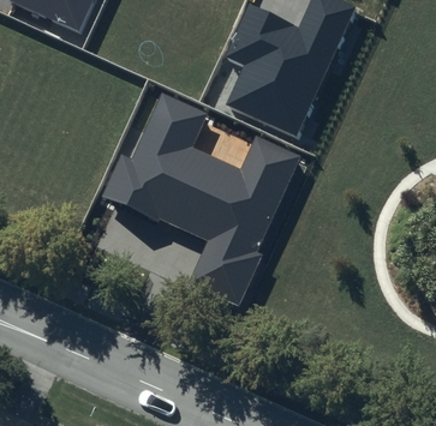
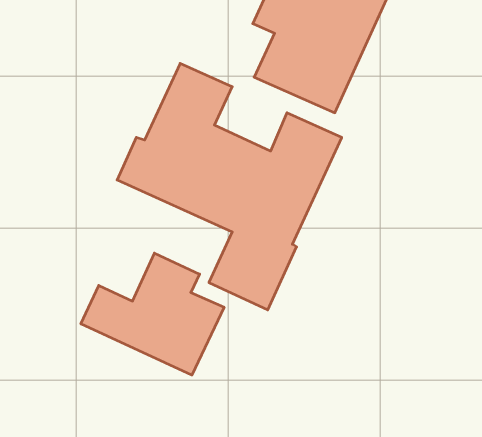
building: none -> [81,253,224,375]

